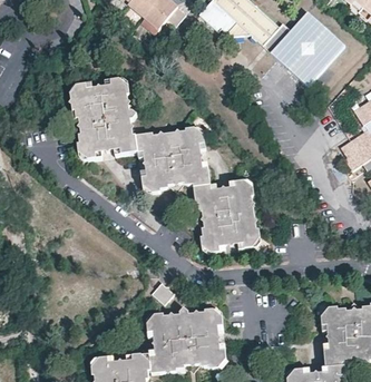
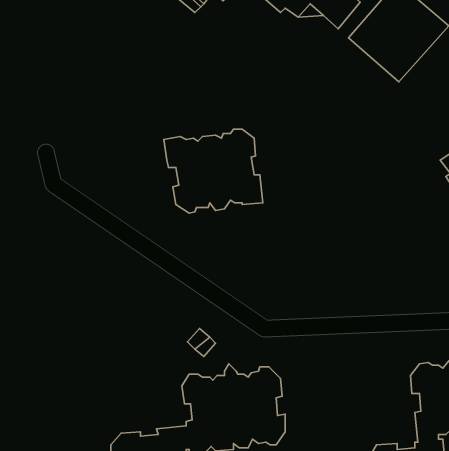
building: [67,75,134,155] -> none
building: [191,175,257,248] -> none

